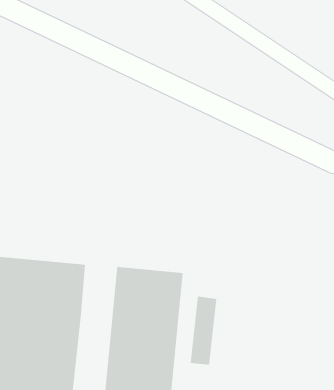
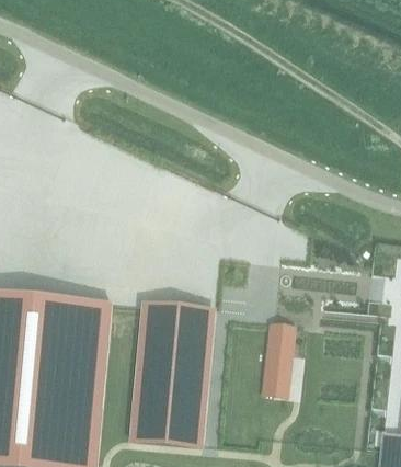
building: [190,296,217,365] -> [264,321,293,394]

